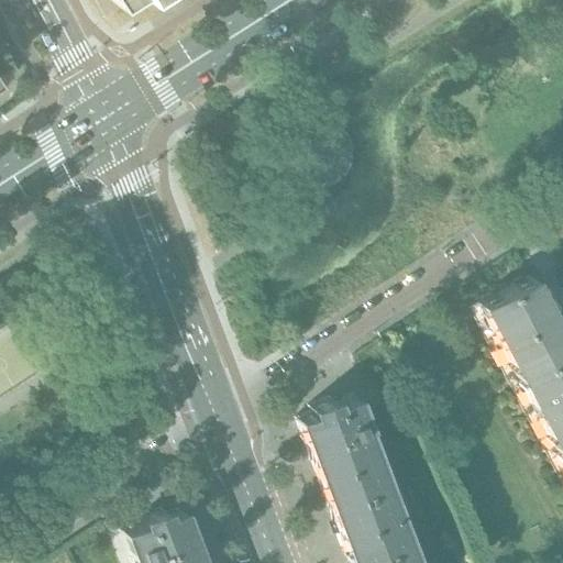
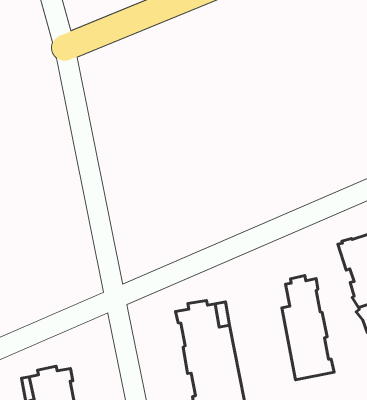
building: none -> [282,275,334,380]

